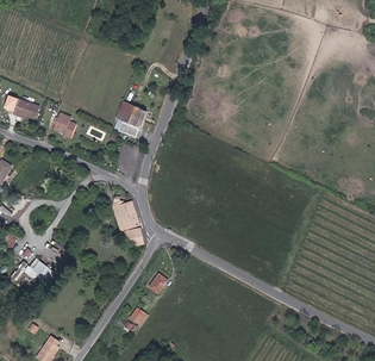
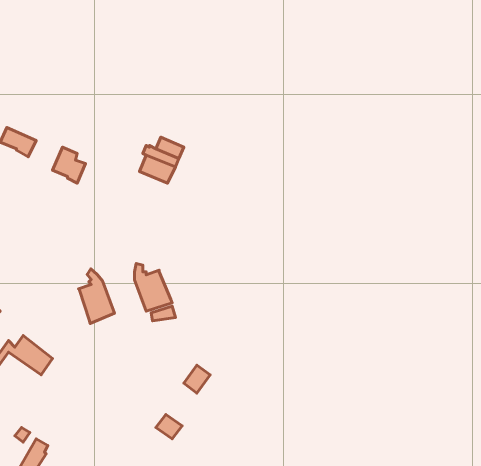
building: none -> [78,269,114,324]

